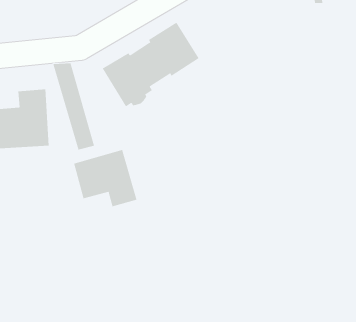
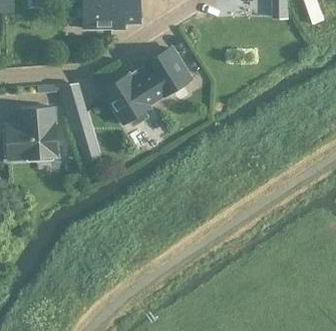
building: [74,149,137,207] -> none

